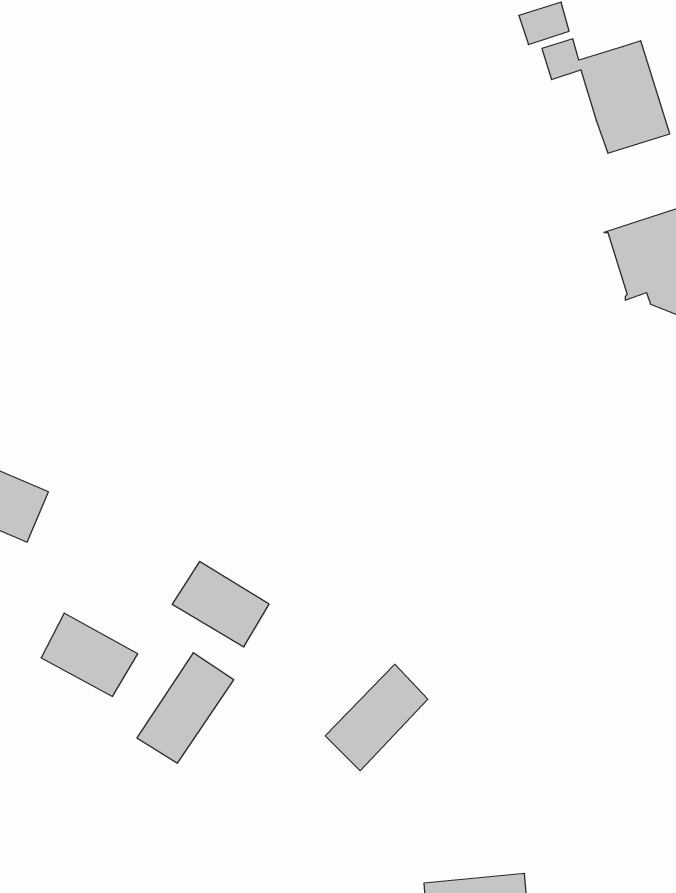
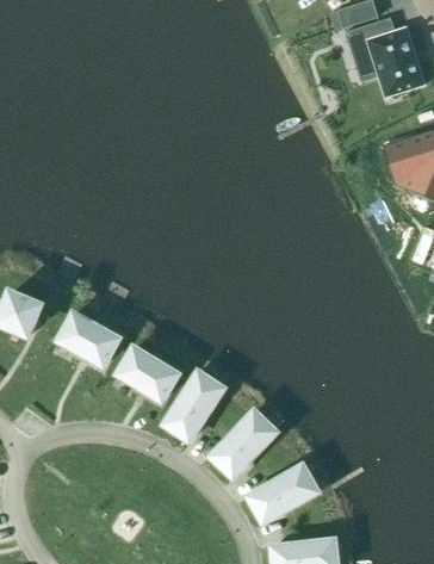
building: [41,613,138,696] -> [60,312,119,364]
building: [137,653,234,763] -> [165,371,224,439]
building: none -> [249,464,317,521]

